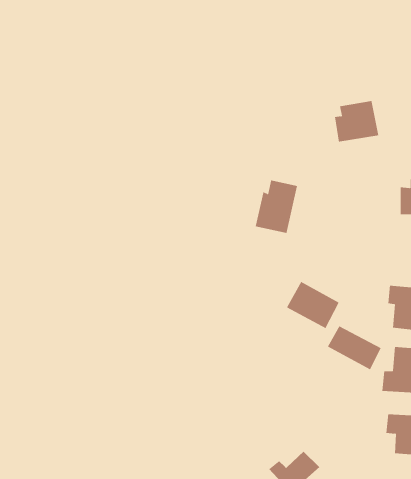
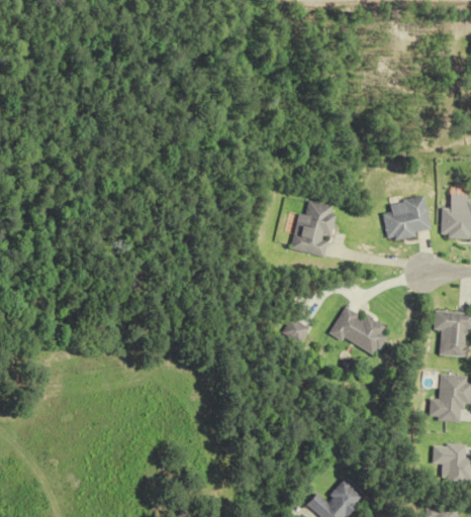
building: [334,100,379,142] -> [387,195,434,238]
building: none -> [280,315,308,342]
building: [327,325,382,370] -> none

